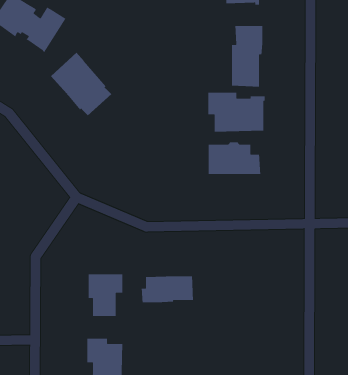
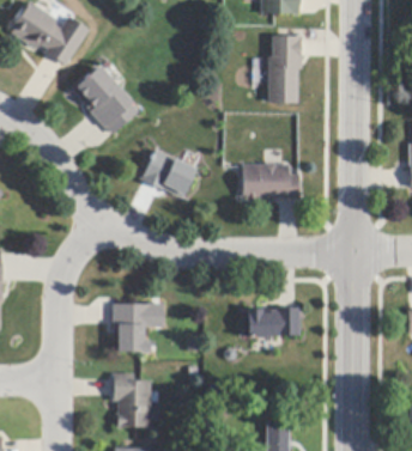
building: [207,92,265,132] -> none
building: none -> [139,148,196,197]
building: [141,275,194,303] -> [242,307,299,337]

